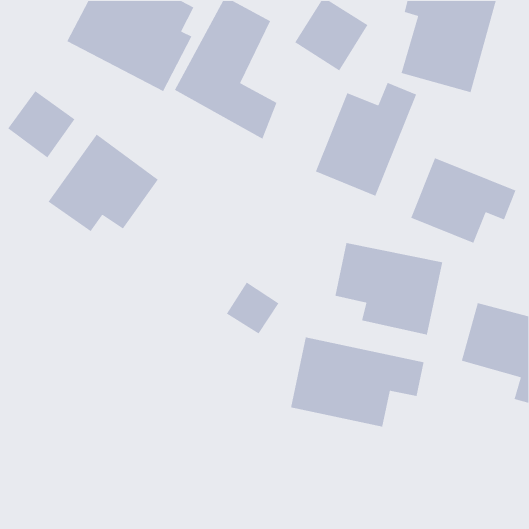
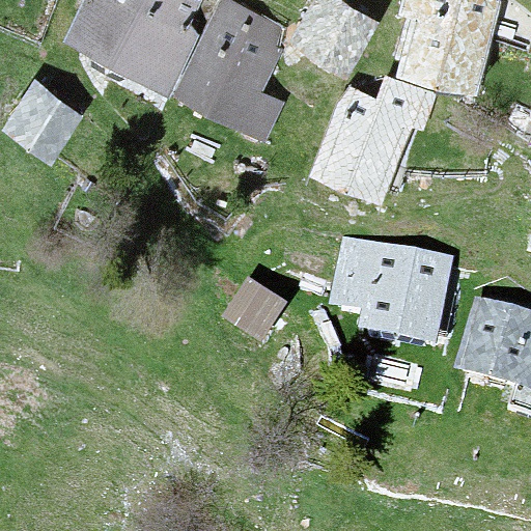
building: [47,134,159,232] -> none
building: [410,157,516,244] -> none
building: [290,337,424,428] -> none

